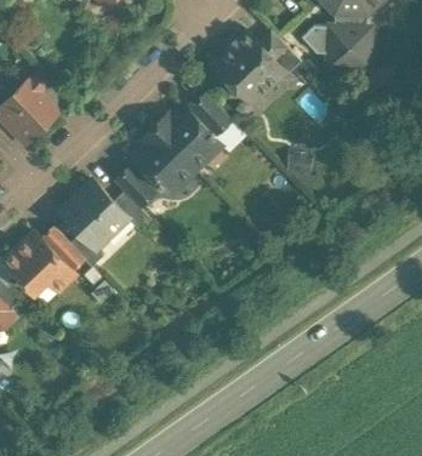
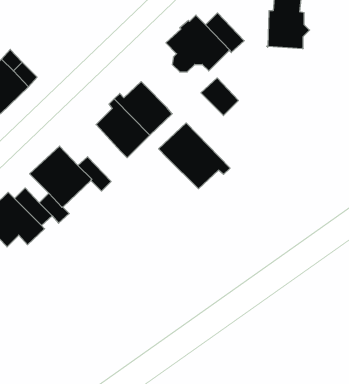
building: [187,95,229,137] -> [201,78,238,116]
building: none -> [159,123,230,189]
building: [113,160,160,209] -> none

